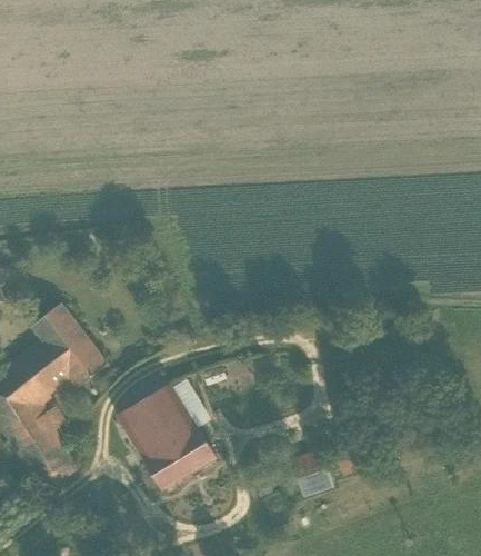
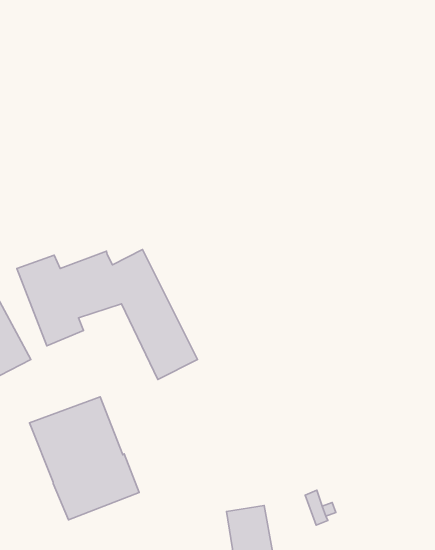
building: none -> [17,250,198,380]

